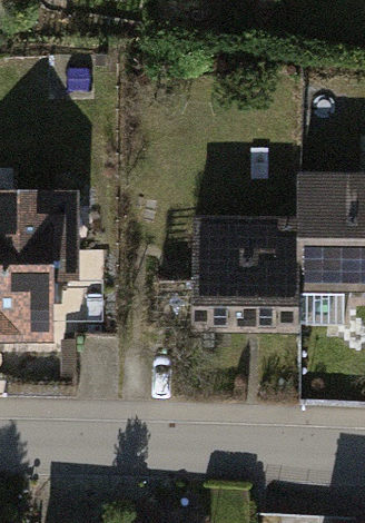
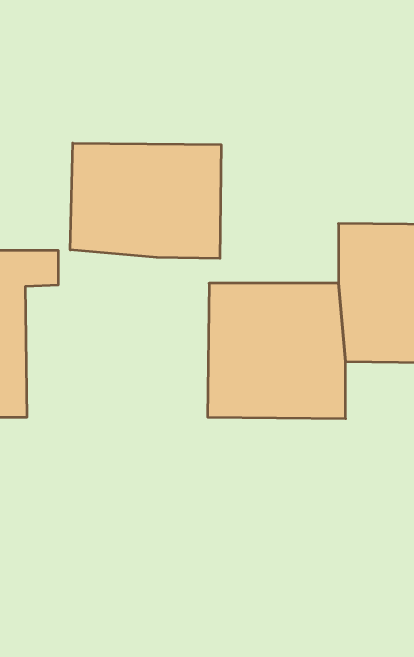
building: none -> [70,143,221,258]

